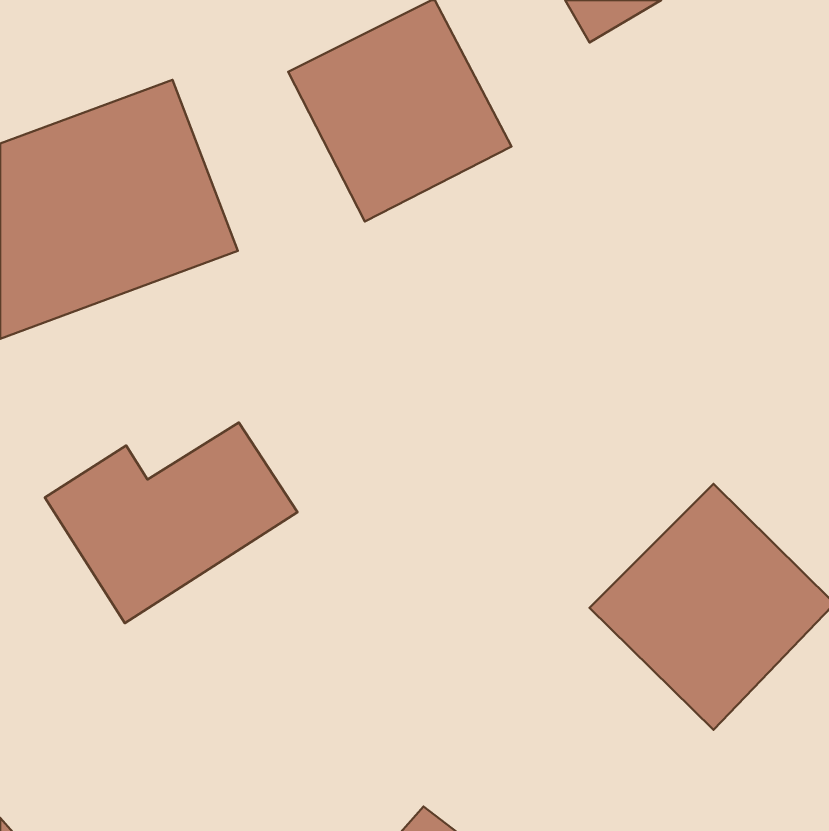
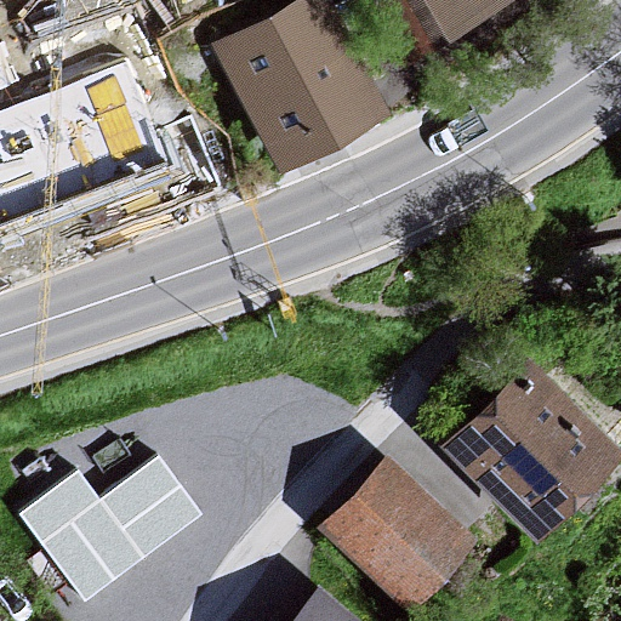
building: [45,423,297,623] -> [19,441,207,591]
building: none -> [340,479,475,613]

